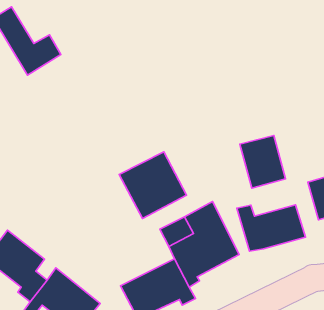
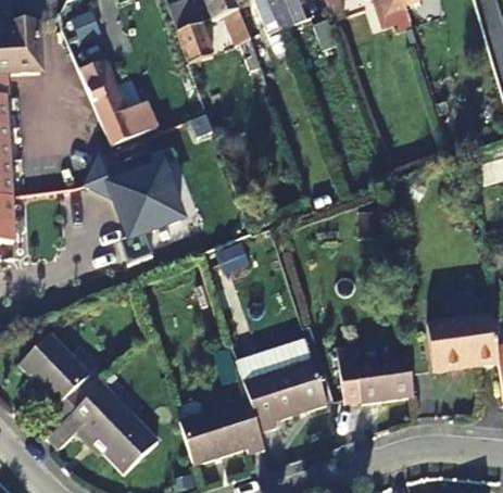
building: none -> [81,151,178,264]
building: [240,136,285,188] -> none
building: [119,152,187,219] -> none

